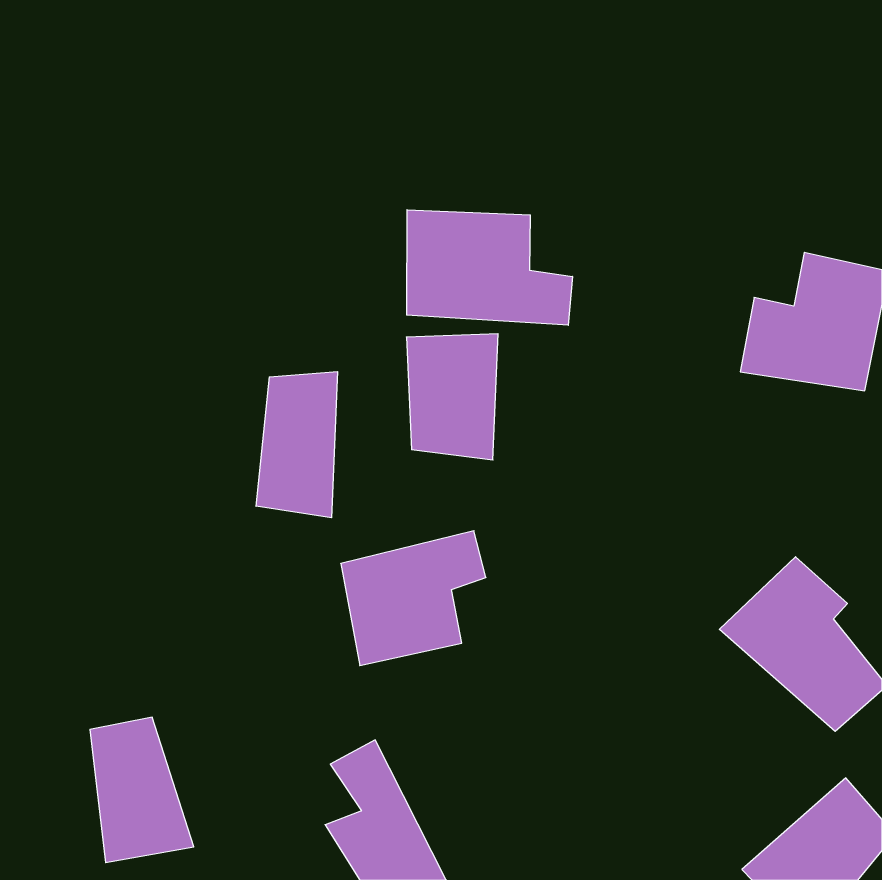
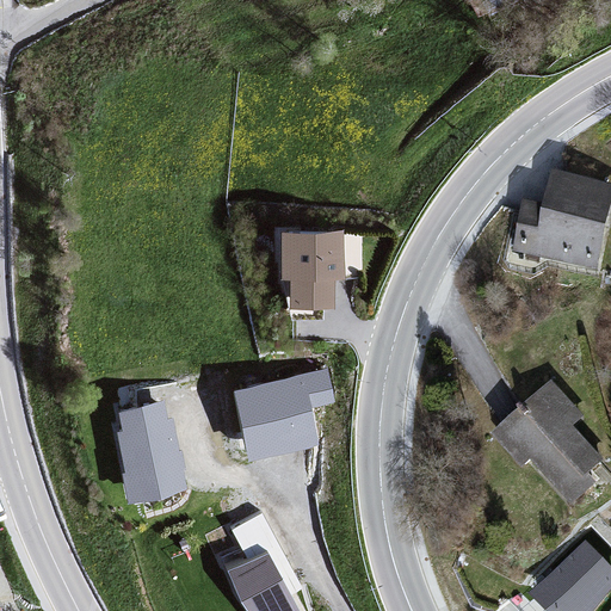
building: [407,210,572,325] -> none
building: [256,372,337,518] -> none
building: [90,717,194,863] -> [117,401,189,501]

